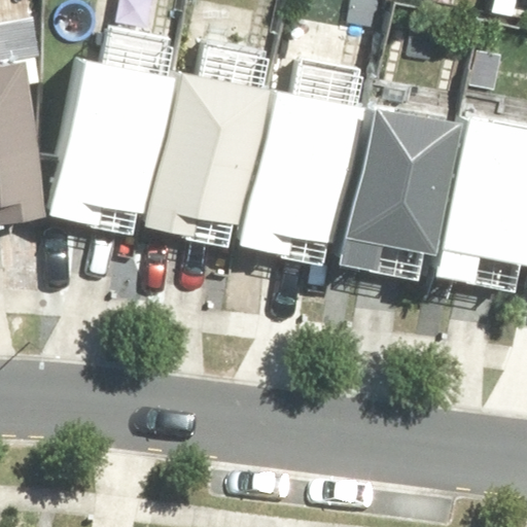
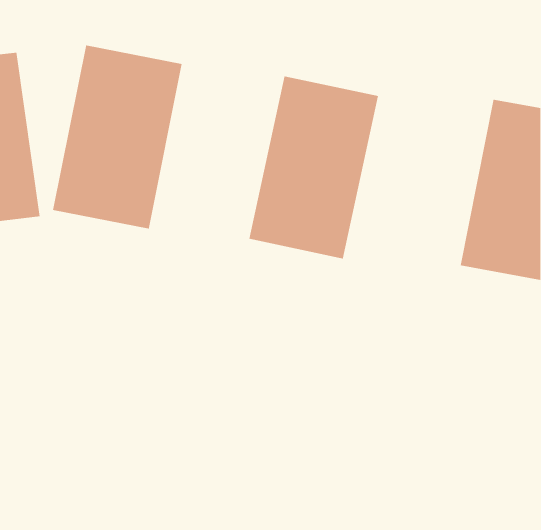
building: [148,71,268,246] -> none
building: [346,98,471,278] -> none

